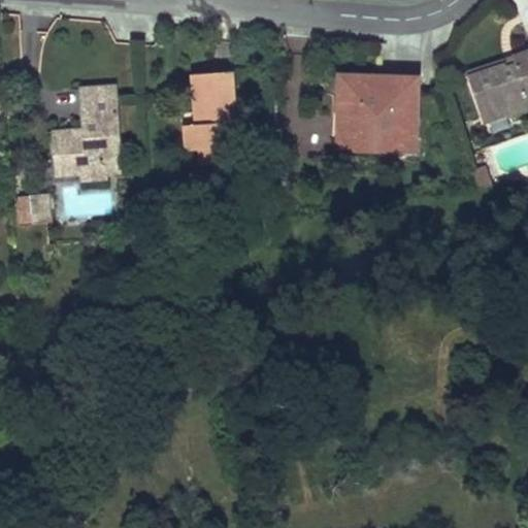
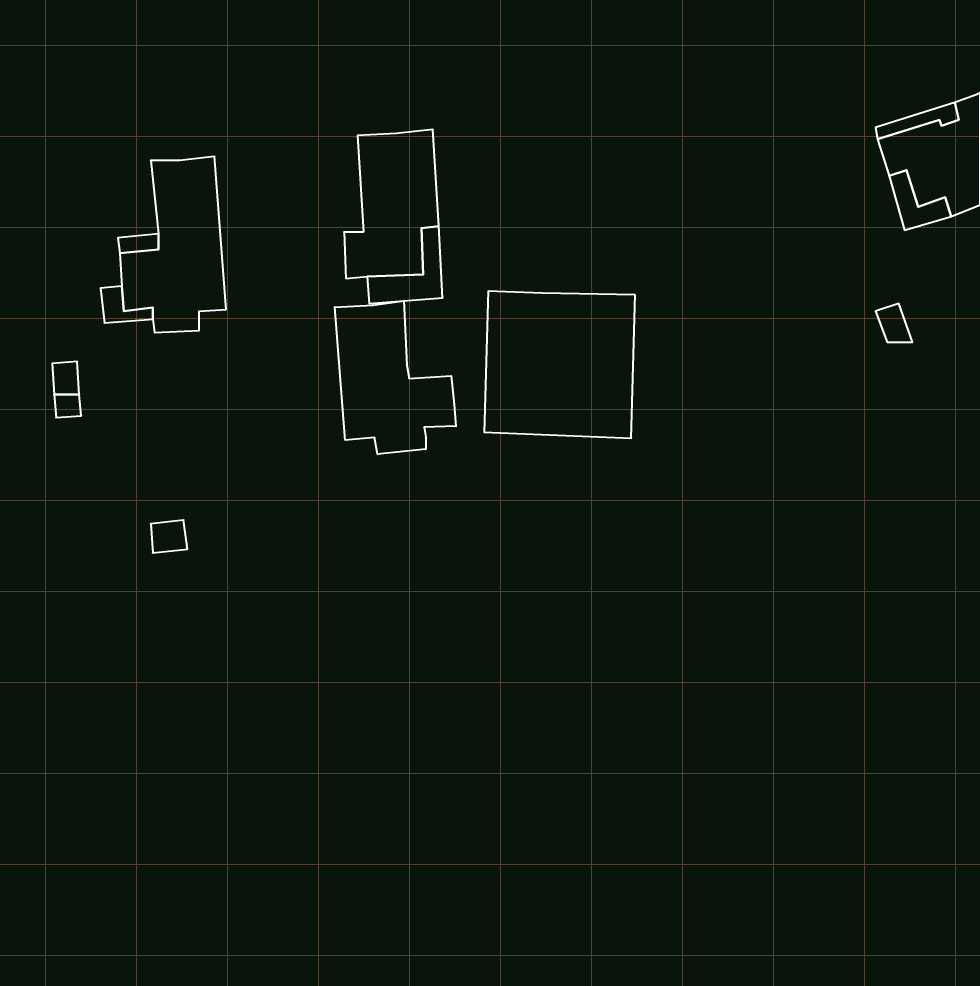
building: [335,72,416,151] -> [484,291,635,438]
building: none -> [335,301,456,454]

